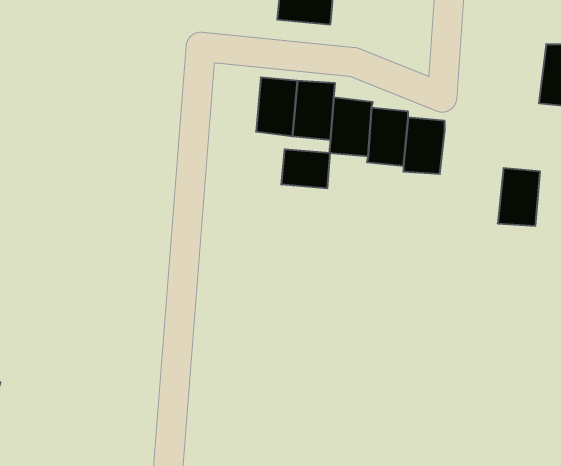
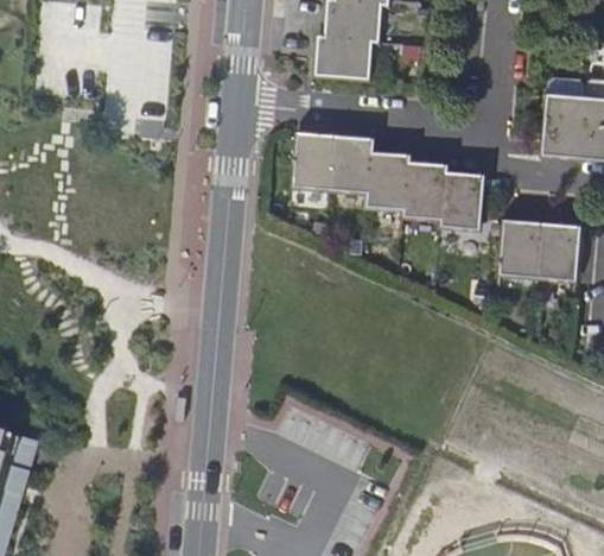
building: none -> [542,77,586,157]
building: [281,149,330,188] -> none
building: none -> [500,219,543,278]

